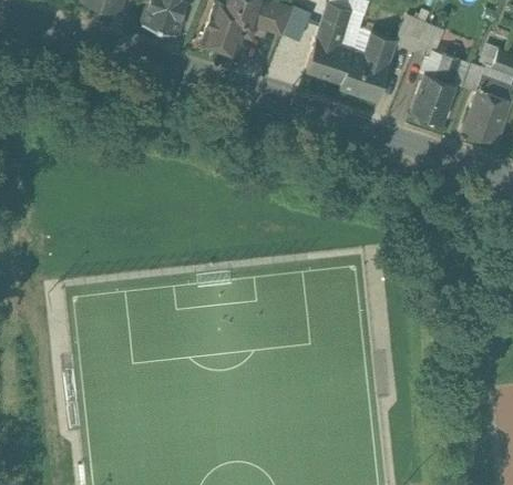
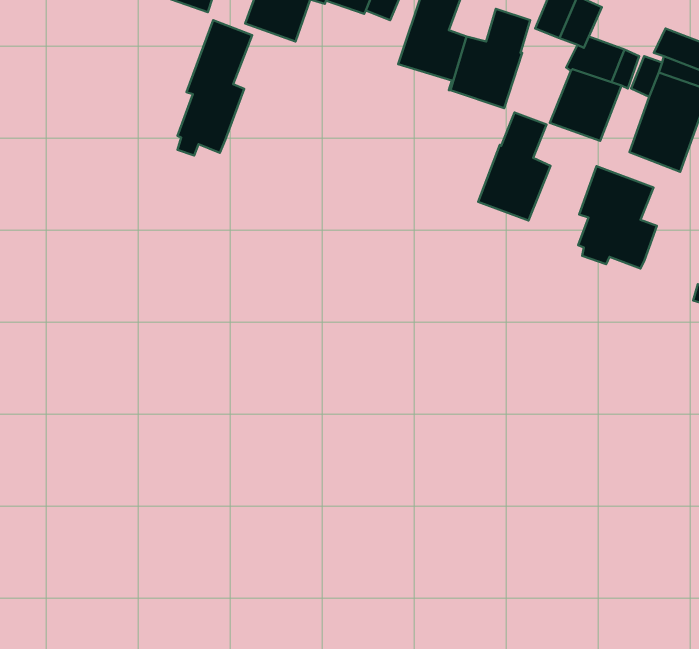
building: none -> [177,20,252,155]
building: none -> [478,113,550,221]
building: none -> [578,166,657,268]

